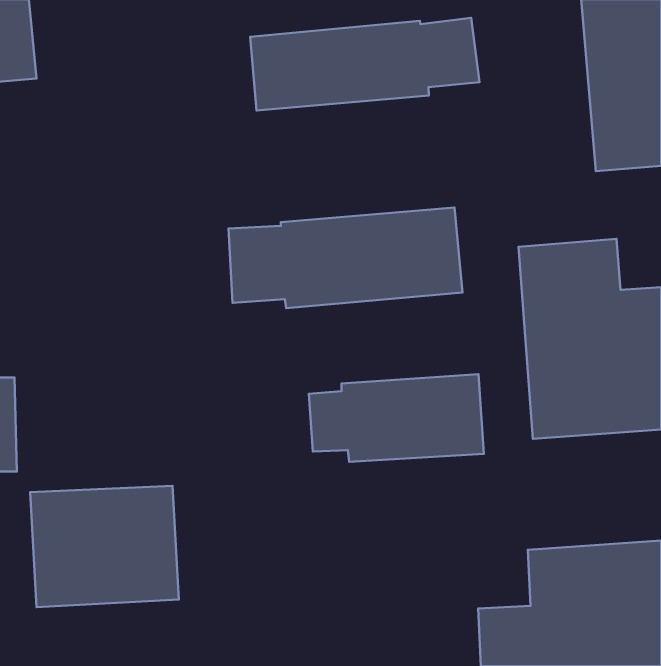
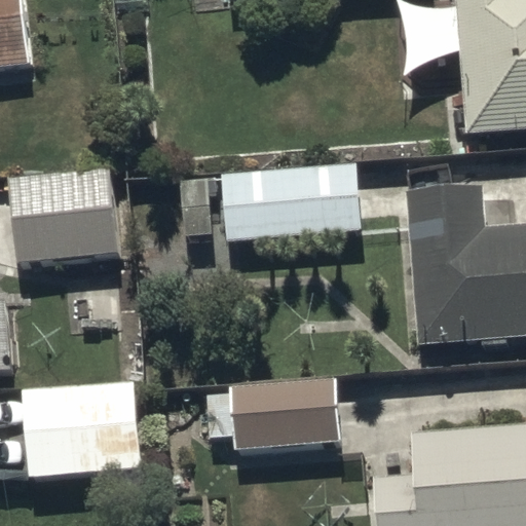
building: [250,18,480,111] -> none
building: none -> [8,170,117,263]
building: [309,374,484,462] -> [203,379,341,448]

